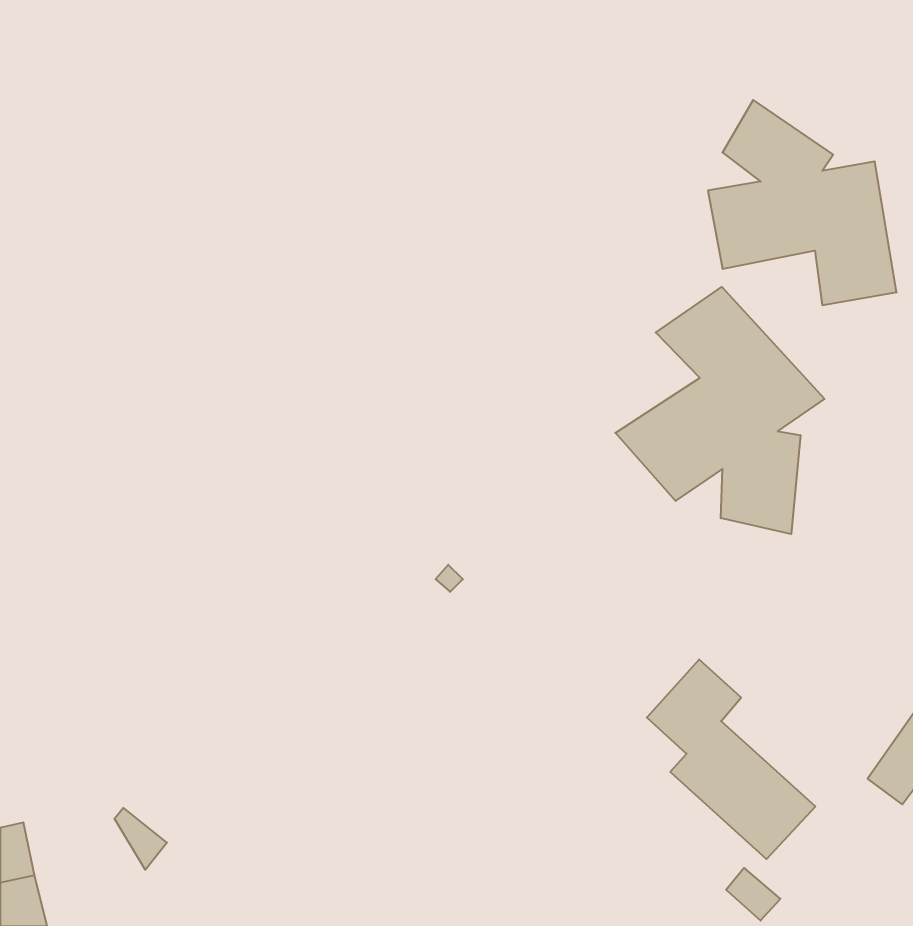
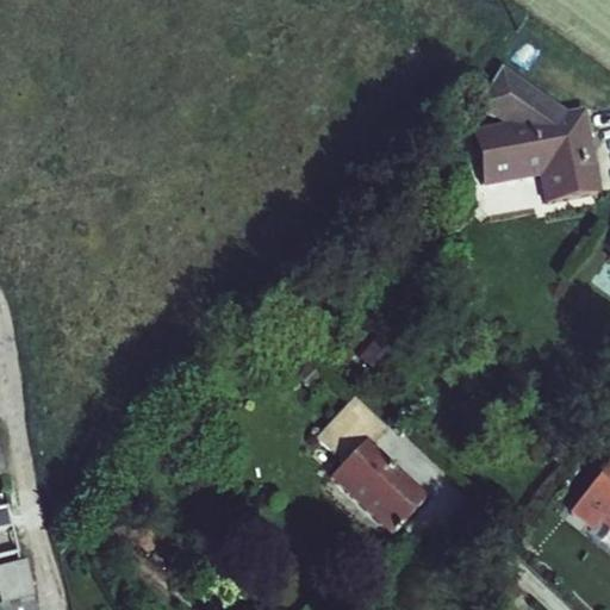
building: [615,287,824,534] -> none
building: [647,659,815,859] -> [315,402,425,533]

